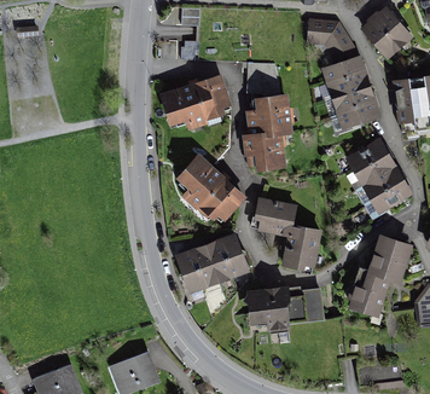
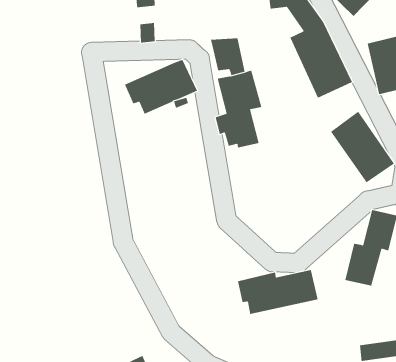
building: [178,153,239,222] -> none
building: [254,202,322,272] -> none
building: [179,236,249,294] -> none

